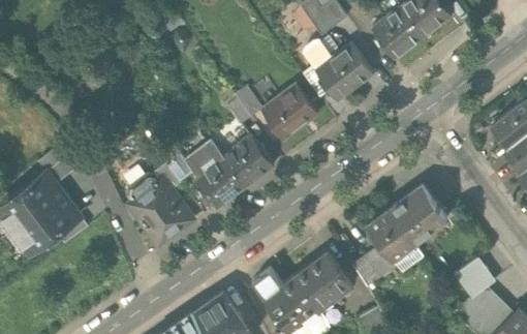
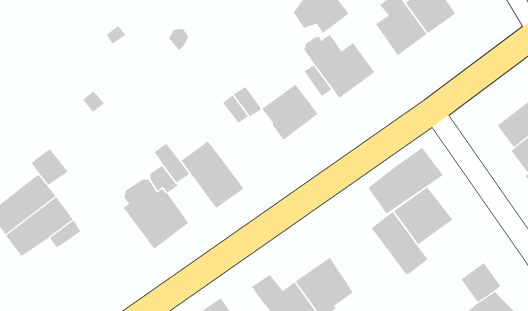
building: [223,135,274,187] -> none
building: none -> [368,147,443,214]
building: [351,242,398,287] -> none

